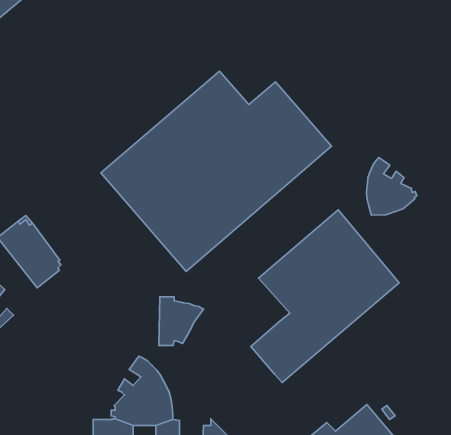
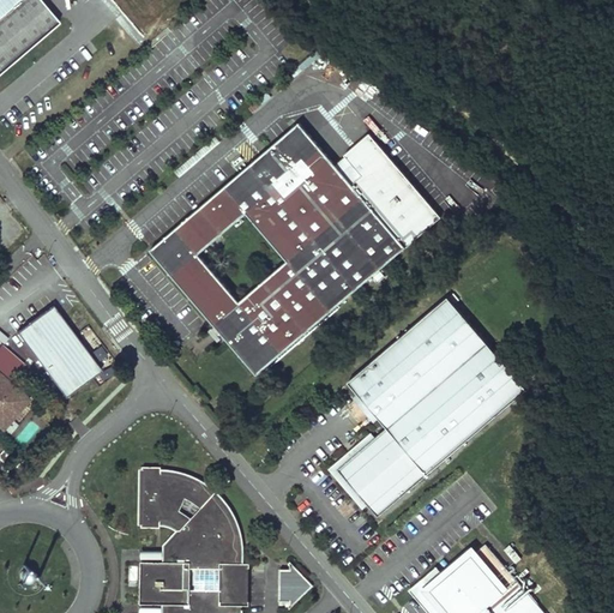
building: [366,158,417,215] -> none
building: [159,297,203,345] -> [139,467,195,528]
building: none -> [327,433,374,510]

